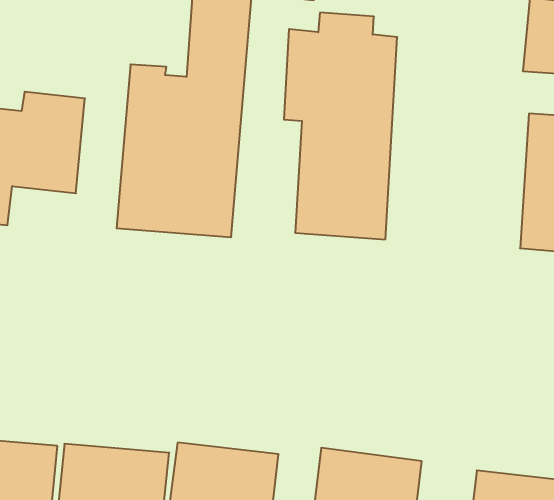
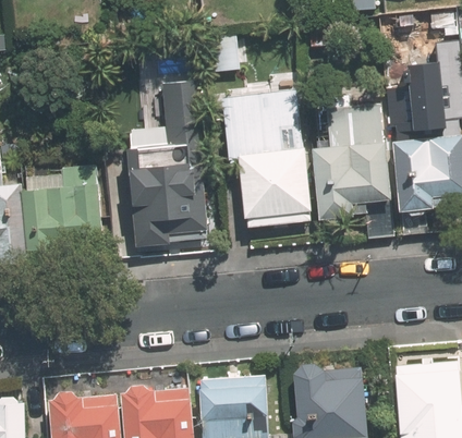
building: none -> [315,96,393,221]

